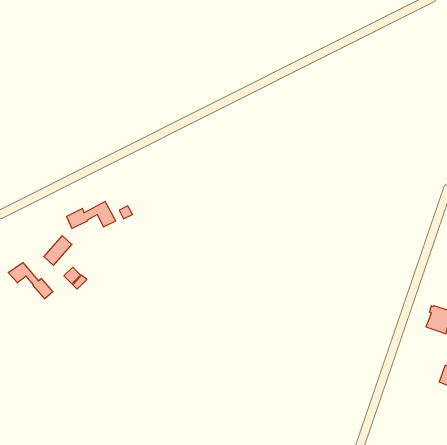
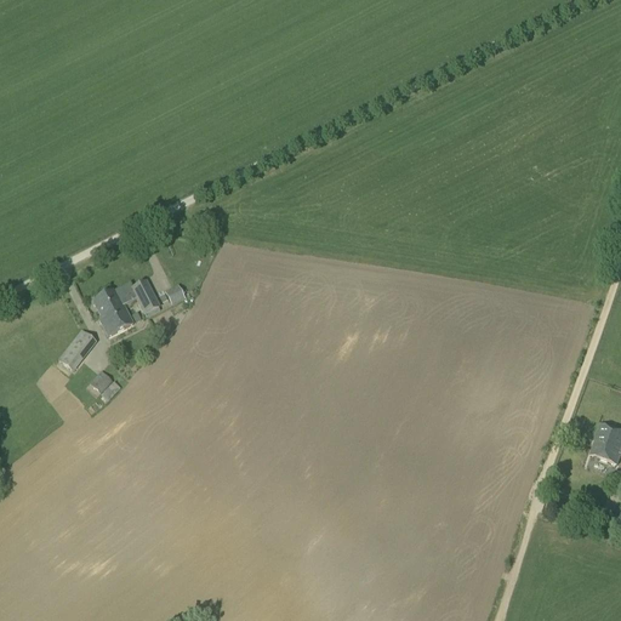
building: none -> [99,303,135,336]
building: [8,262,53,299] -> none

